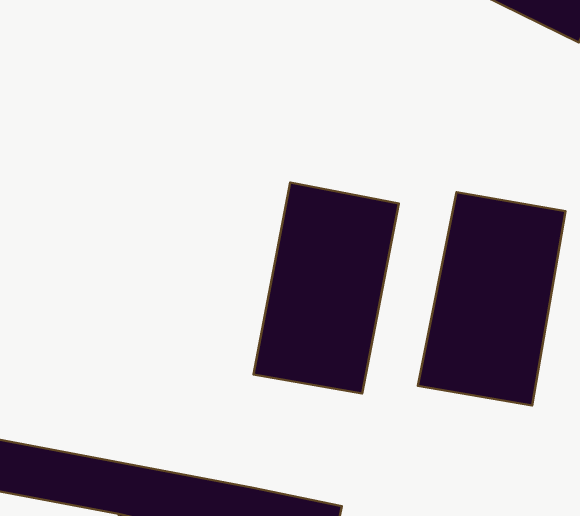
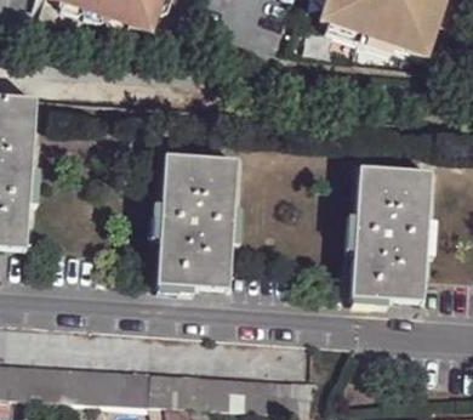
building: [253,183,399,394] -> [155,158,236,290]

